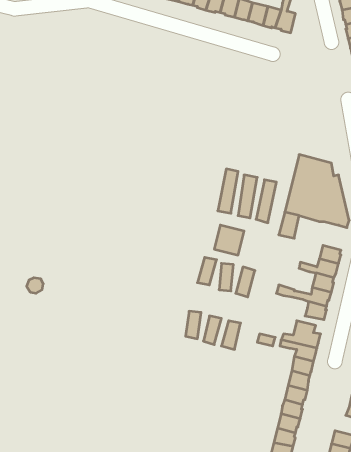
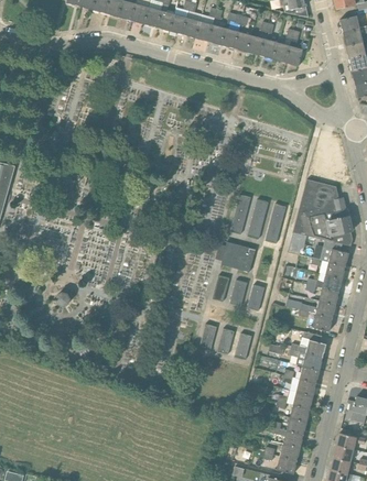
building: none -> [321,240,349,266]

